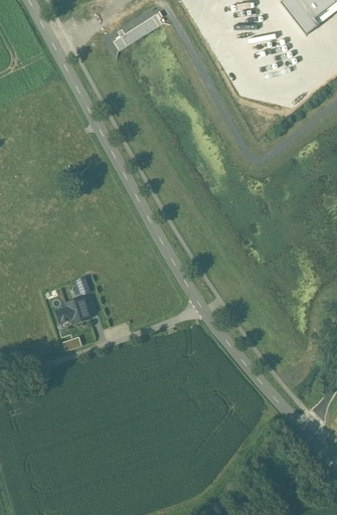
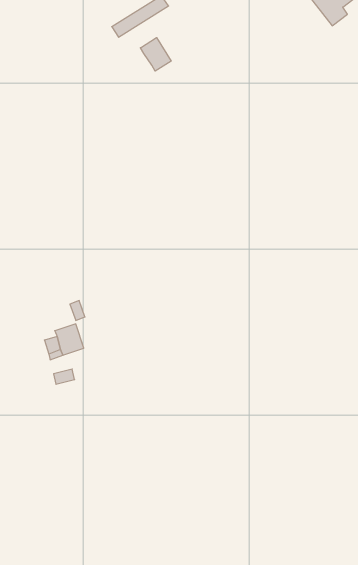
building: none -> [140,38,171,71]

